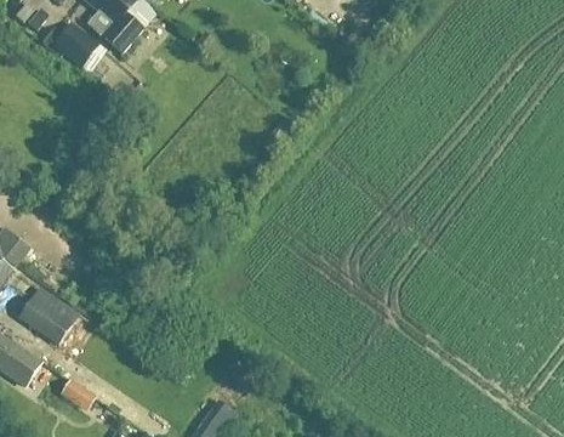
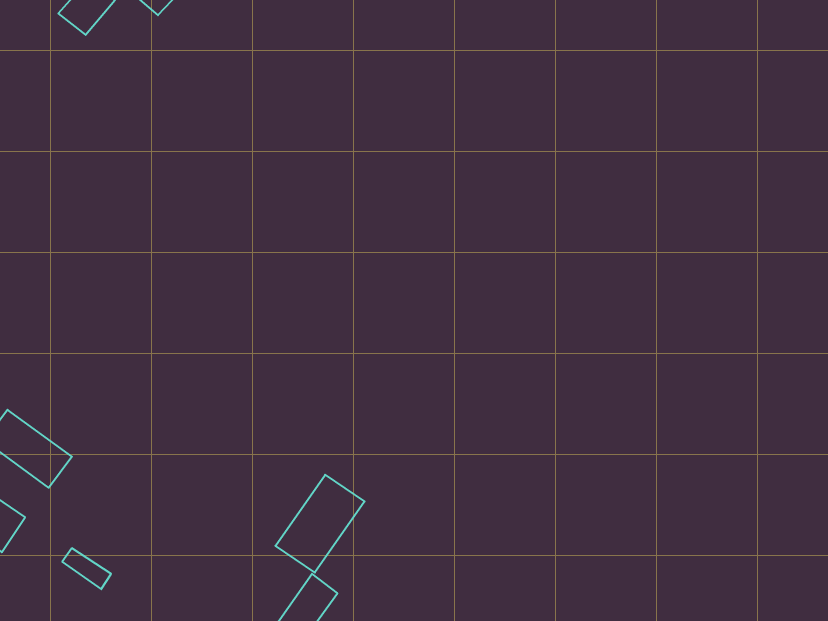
building: none -> [275,475,365,573]

